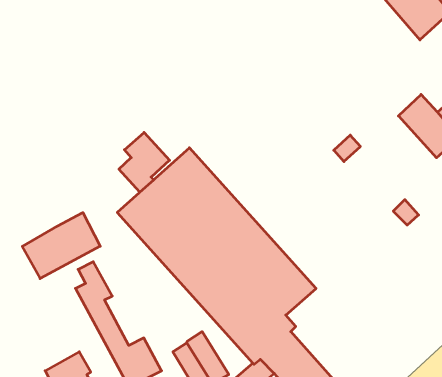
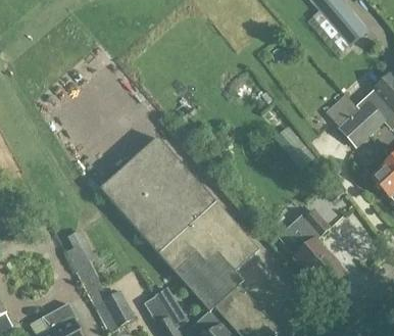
building: [119,132,170,192] -> none
building: [22,213,100,279] -> none
building: none -> [279,209,345,288]

